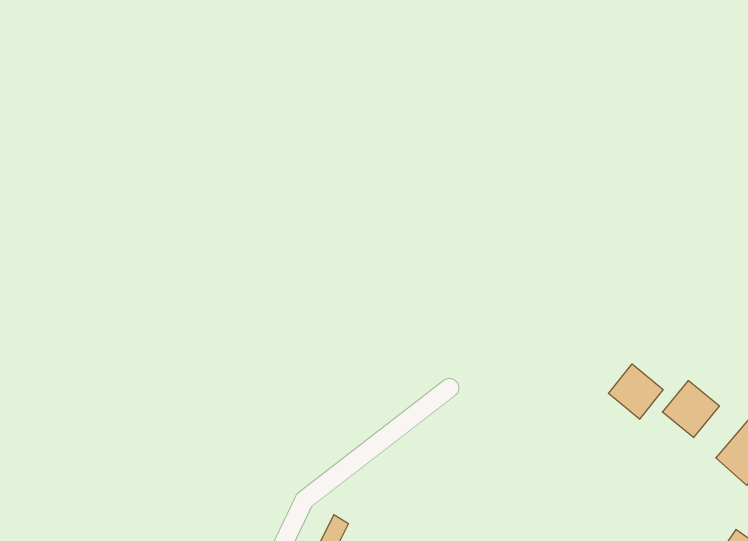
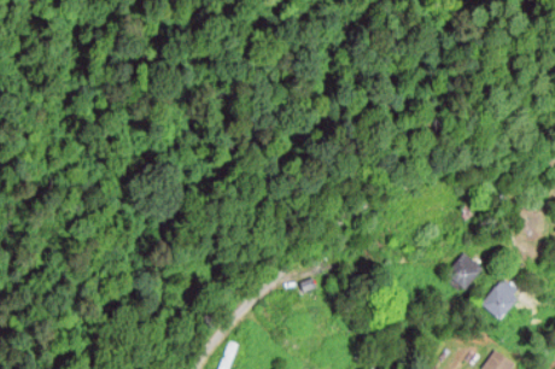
building: [608,364,663,419] -> none

